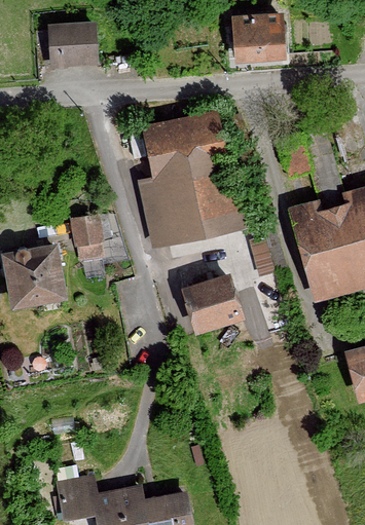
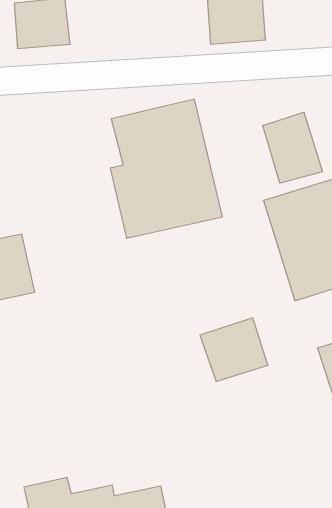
building: none -> [263,112,322,183]
building: [71,211,110,264] -> none
building: [175,275,240,336] -> [200,318,268,381]

